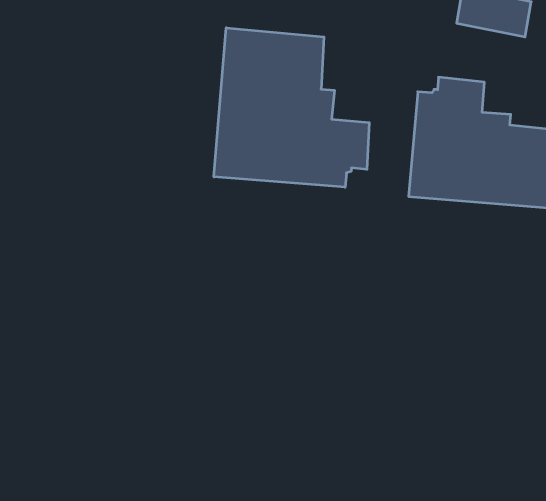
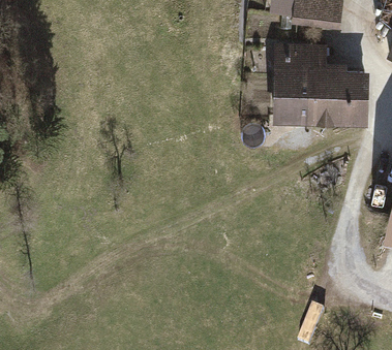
building: [214,28,369,187] -> none

